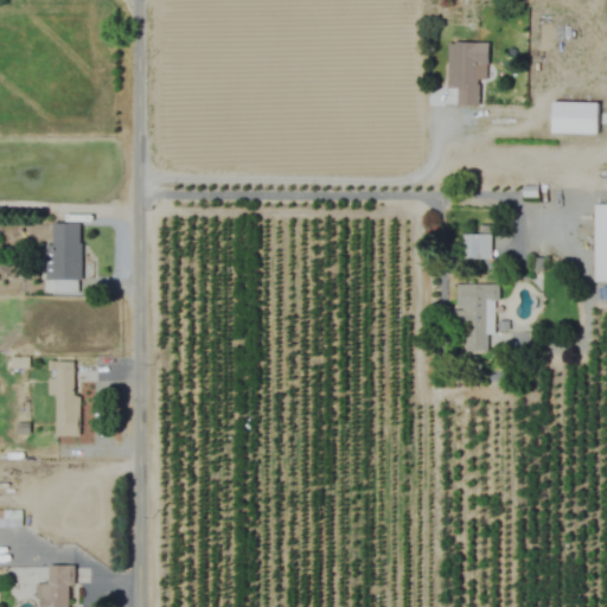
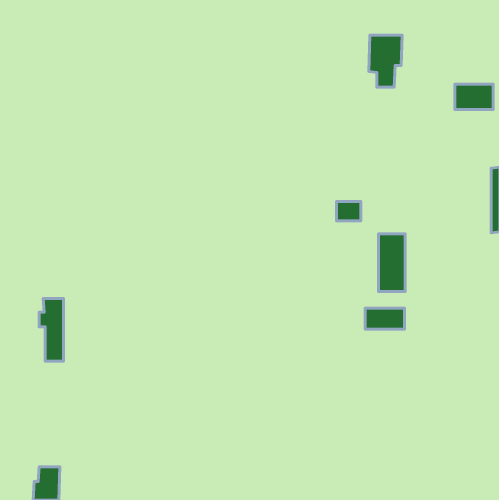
building: [46,223,81,293] -> none
building: [462,235,492,258] -> [336,201,361,221]
building: none -> [365,308,405,329]

